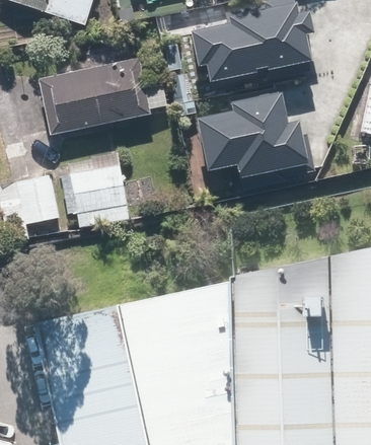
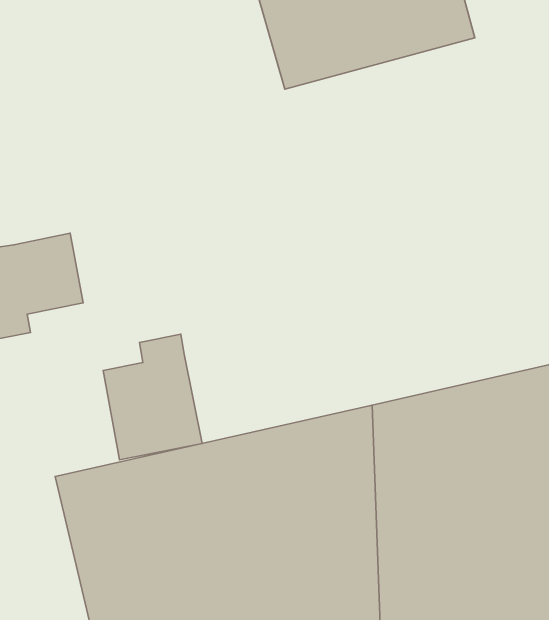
building: [36,58,166,136] -> none
building: [182,94,298,186] -> none
building: [69,152,130,229] -> [103,334,202,460]

